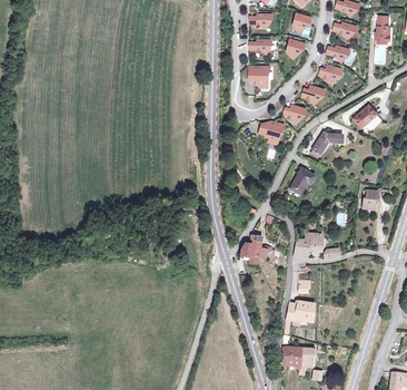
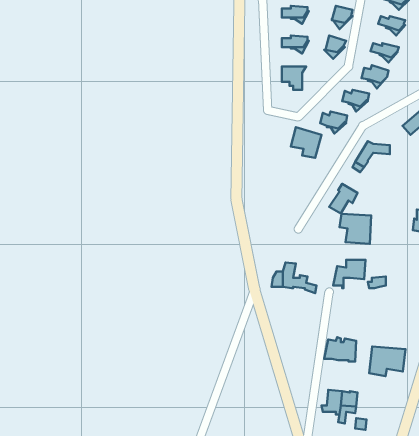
building: none -> [339,214,371,244]
building: none -> [369,346,405,376]

